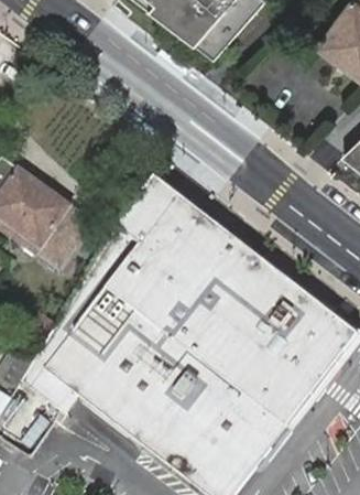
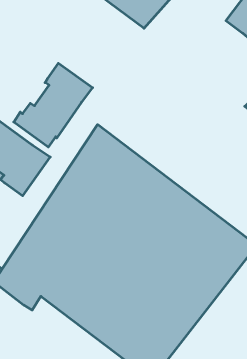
building: none -> [14,63,93,147]

